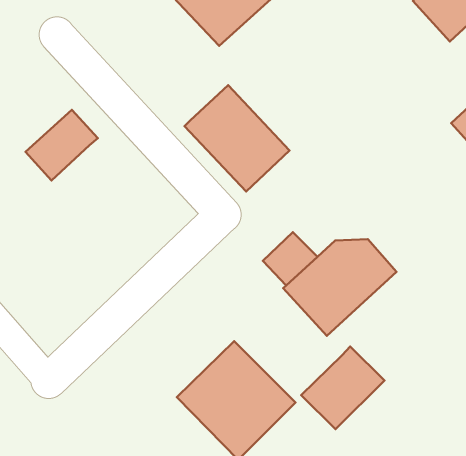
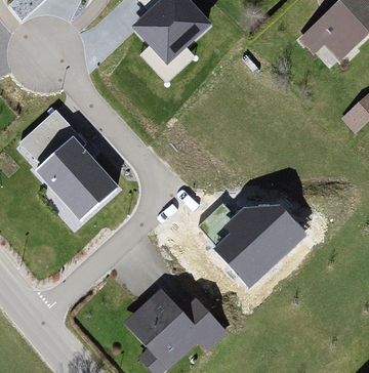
building: [185,85,290,191] -> [36,136,115,216]
building: [301,346,384,429] -> none

